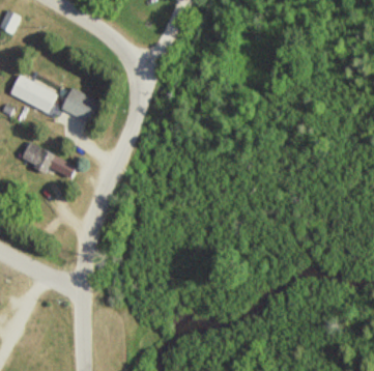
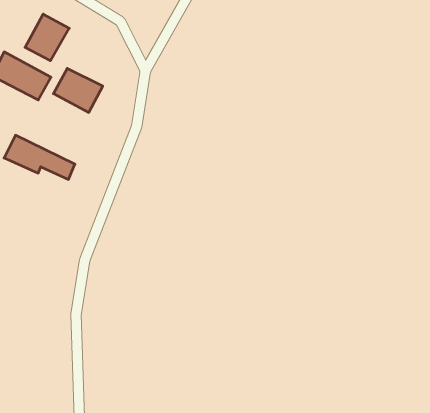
building: none -> [25,14,69,61]

